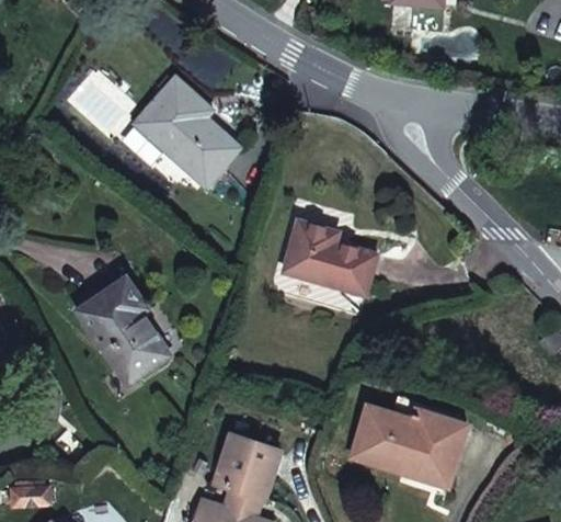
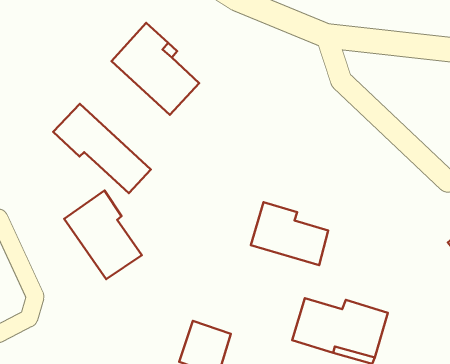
building: none -> [53,104,151,193]
building: [284,220,377,296] -> [251,202,328,265]

